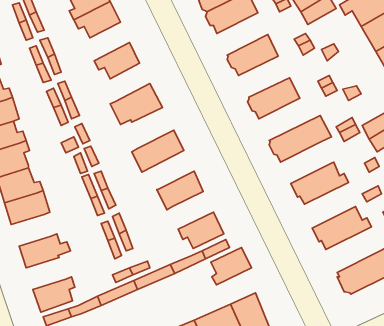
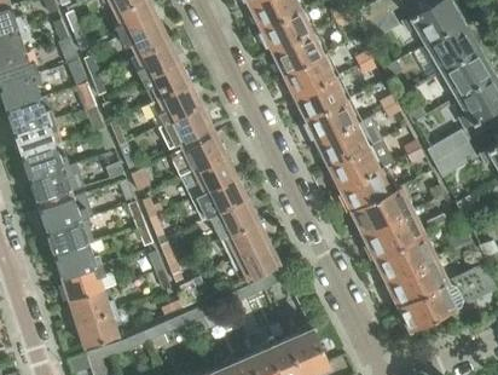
building: none -> [272,30,326,75]
building: none -> [131,40,179,81]
building: none -> [295,76,349,120]
building: none -> [152,83,201,125]
building: none -> [317,116,382,166]
building: none -> [170,131,226,178]
building: none -> [340,167,394,212]
building: none -> [192,177,248,220]
building: none -> [365,210,421,259]
building: none -> [53,244,102,278]
building: none -> [388,258,444,307]
building: [211,247,252,285] -> [225,220,268,260]
building: none -> [69,290,117,324]

